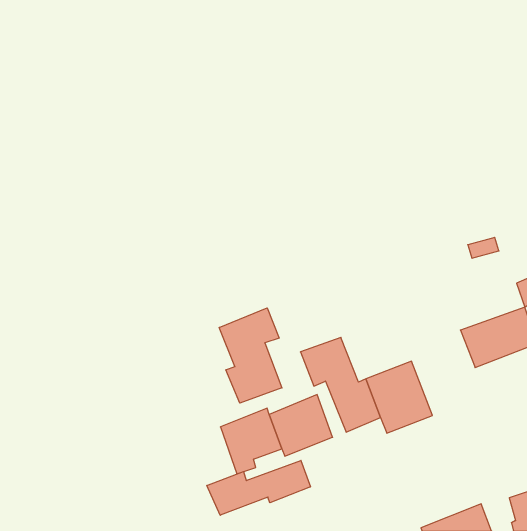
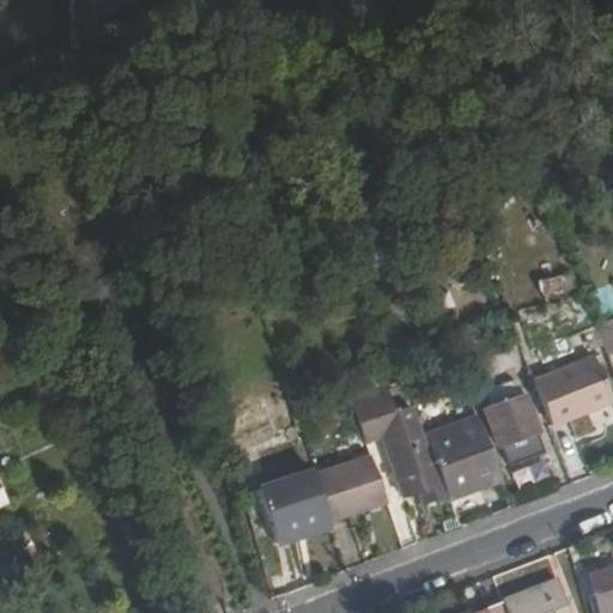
building: [219,308,282,403] -> none
building: none -> [481,382,546,467]
building: [207,460,310,515] -> none

